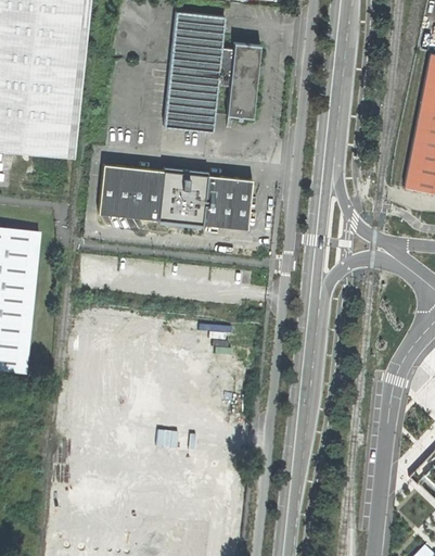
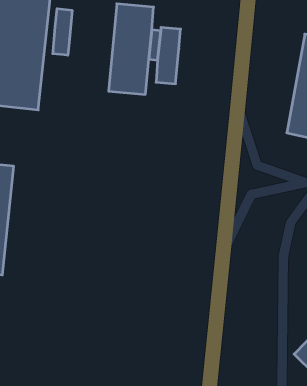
building: none -> [53,9,72,55]
building: [100,167,254,231] -> none

